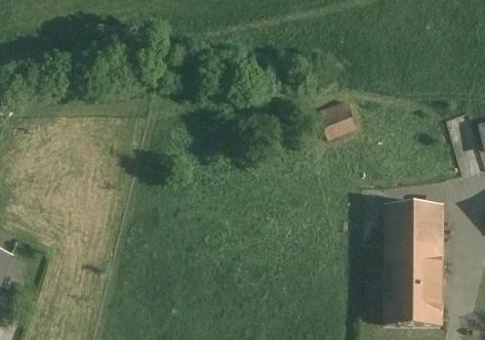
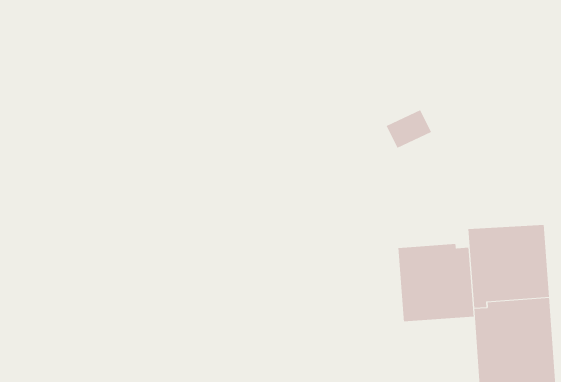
building: none -> [398,243,474,322]

